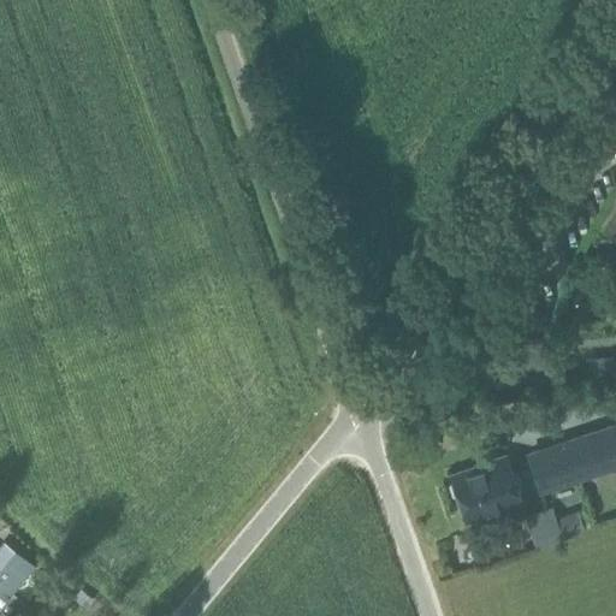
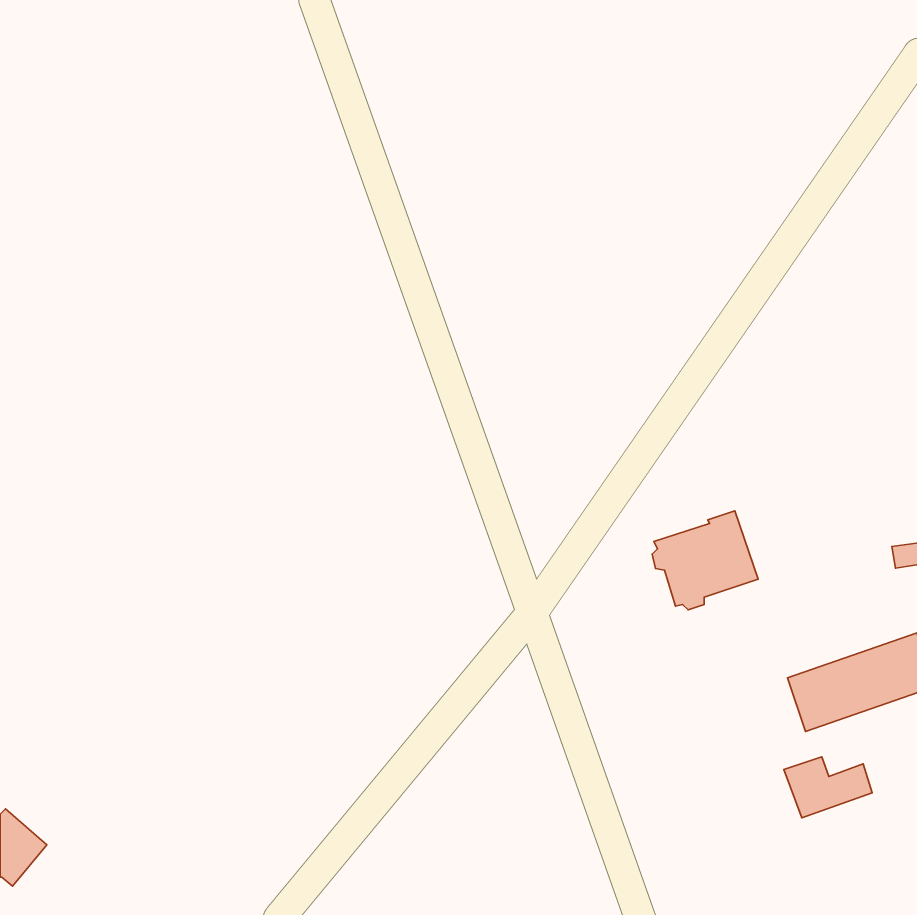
building: [450,458,521,525] -> [652,511,758,610]

